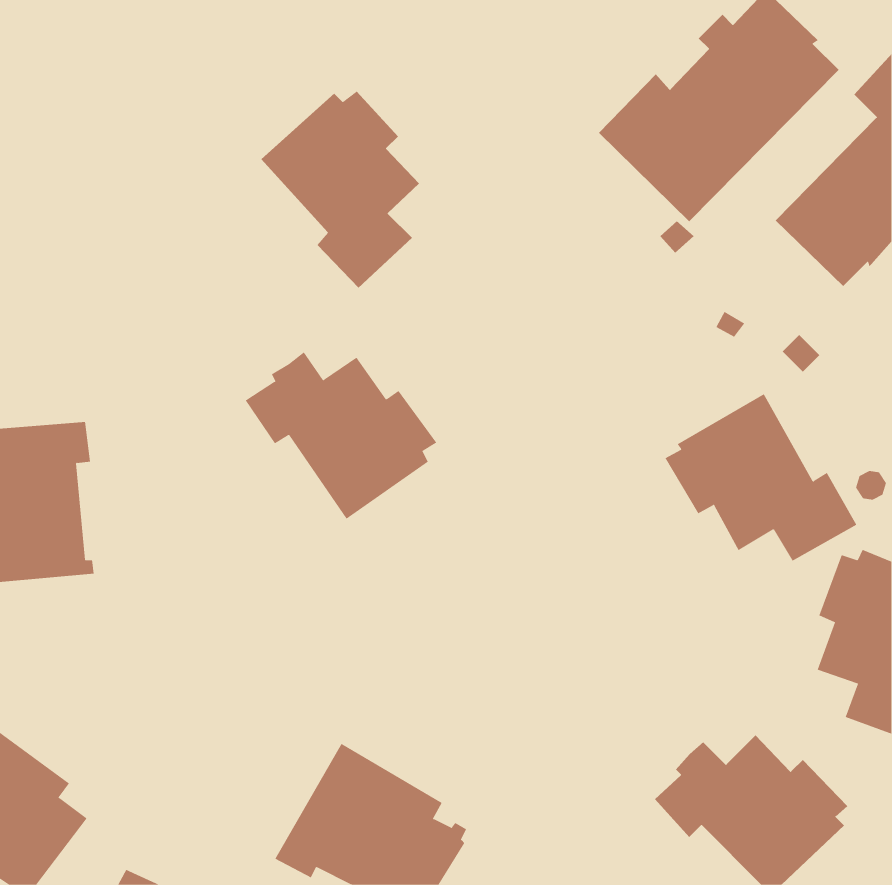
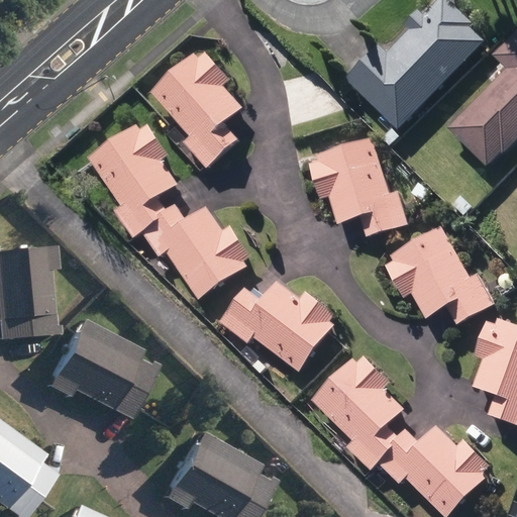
building: none -> [89,123,178,237]
building: none -> [309,137,407,237]
building: none -> [220,281,336,371]
building: none -> [42,316,153,418]
building: none -> [312,354,404,470]

